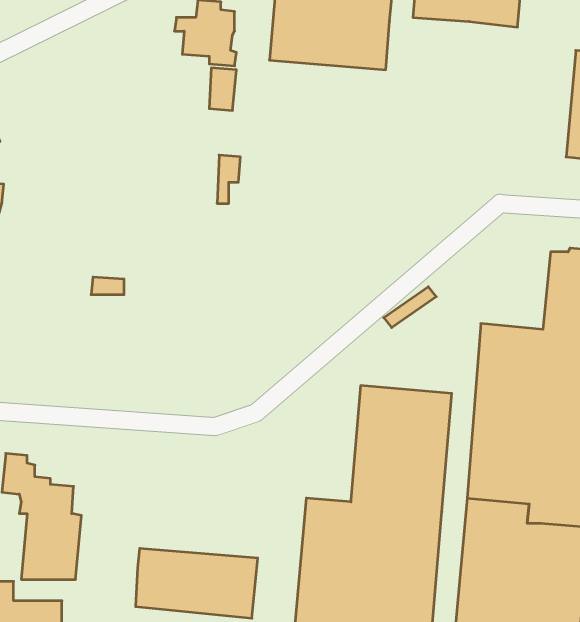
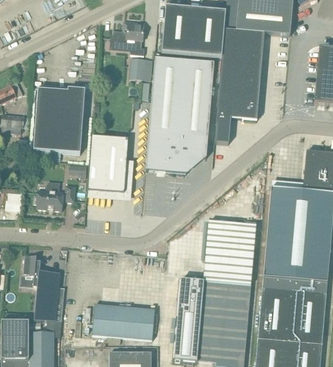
building: none -> [214,28,264,142]
building: none -> [145,56,214,172]
building: none -> [33,87,85,160]
building: none -> [87,134,128,192]
building: none -> [33,181,75,209]

